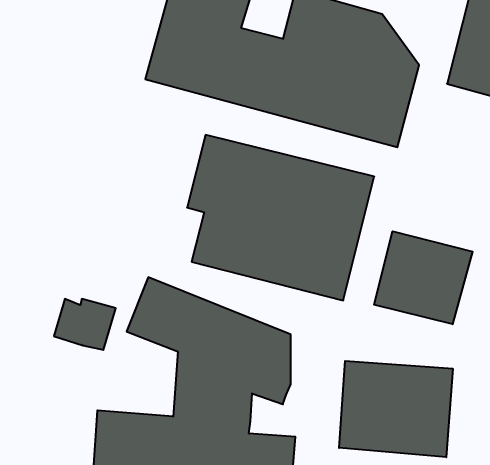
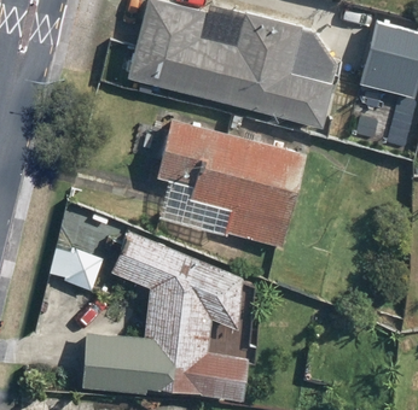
building: [374,231,473,324] -> none
building: [339,361,453,457] -> none

